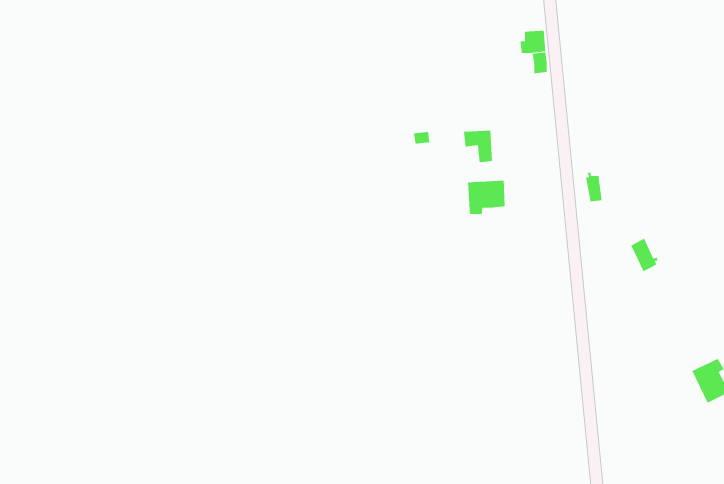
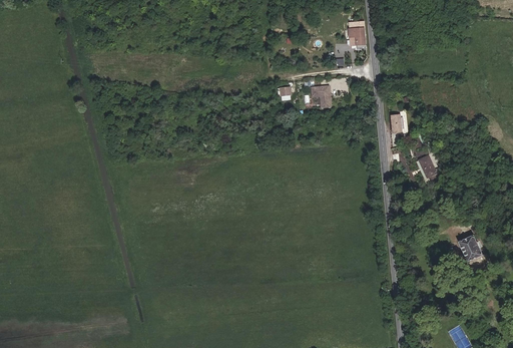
building: [468,180,505,215] -> none

